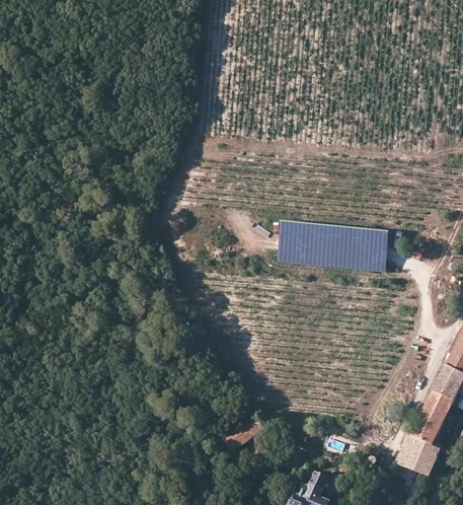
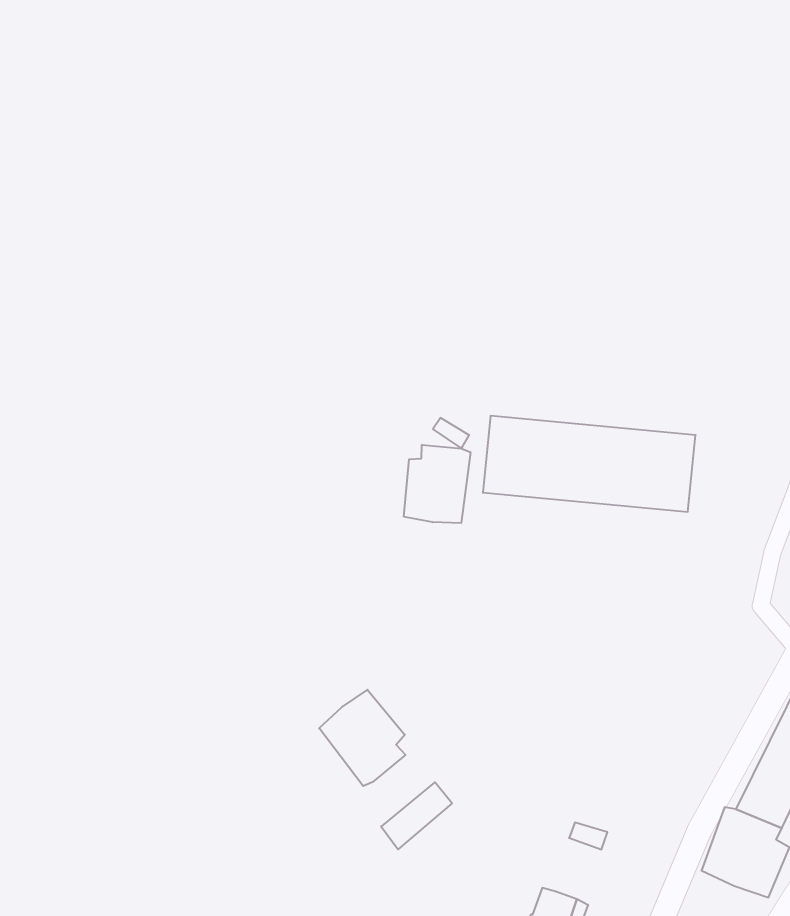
building: none -> [404,445,470,523]
building: none -> [319,690,405,786]

